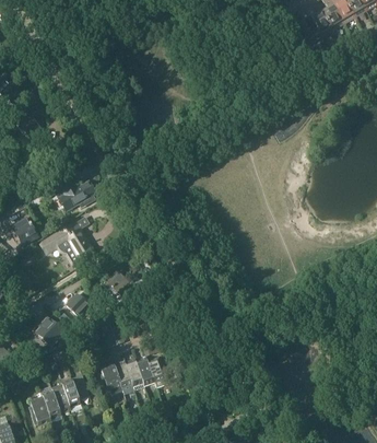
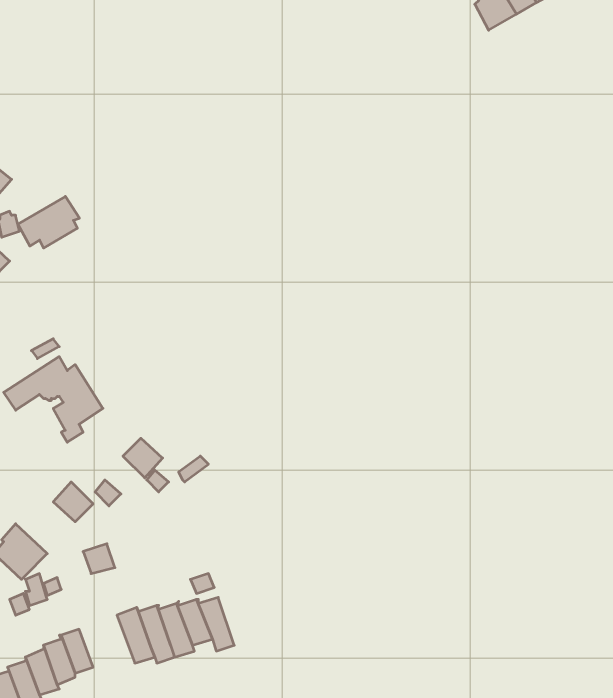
building: [60,182,94,210] -> [18,196,79,248]

